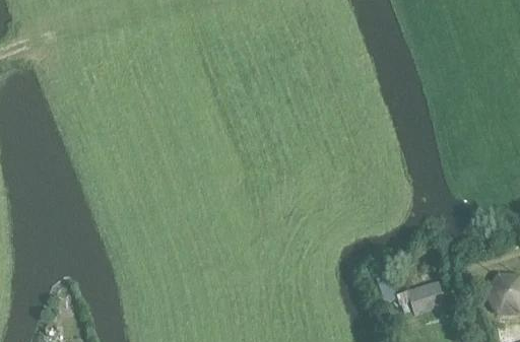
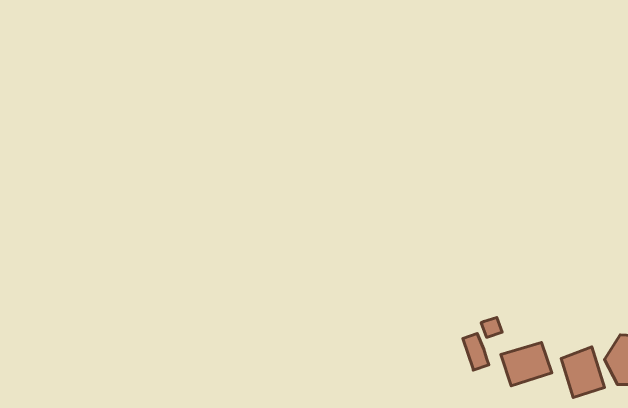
building: none -> [561,347,605,398]

